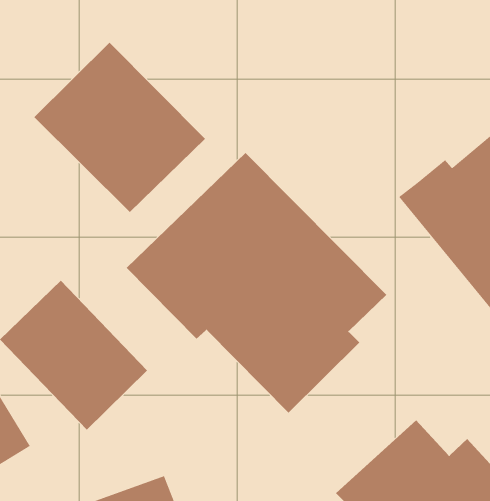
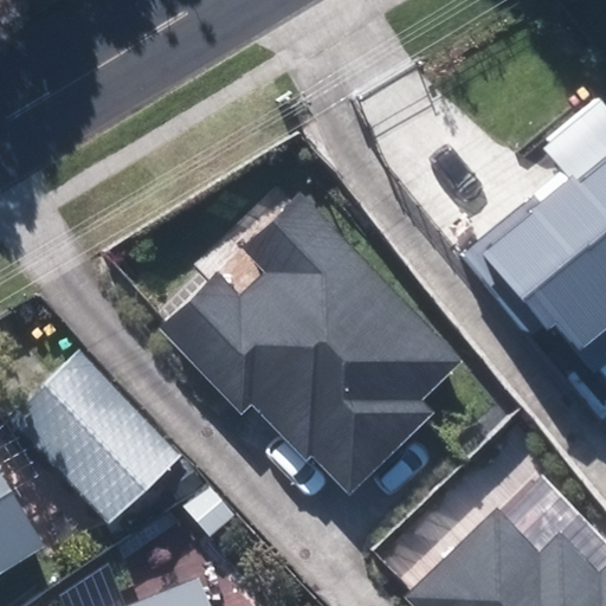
building: [34,42,206,213] -> none

